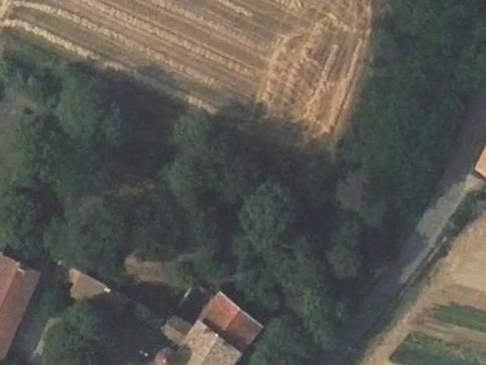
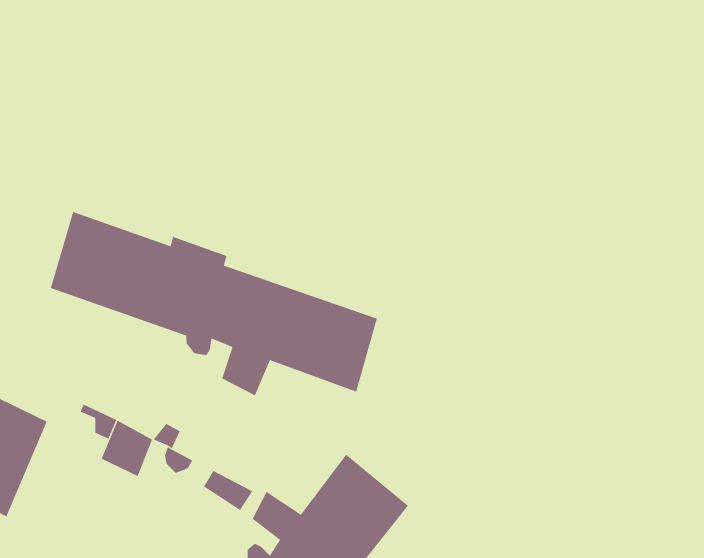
building: none -> [50,211,378,396]

